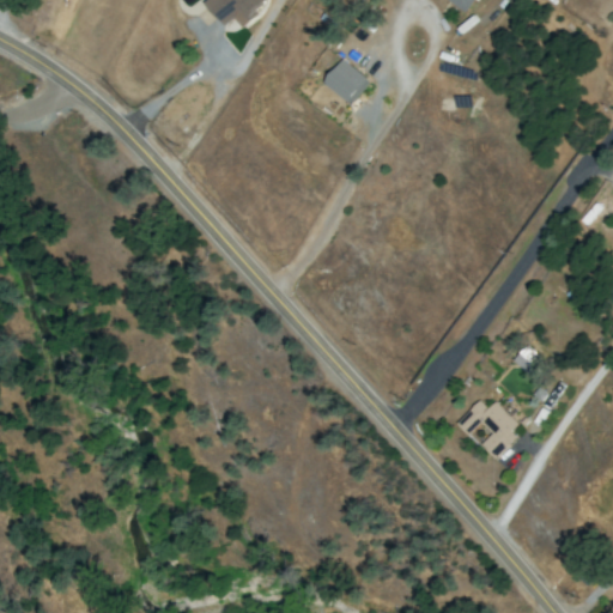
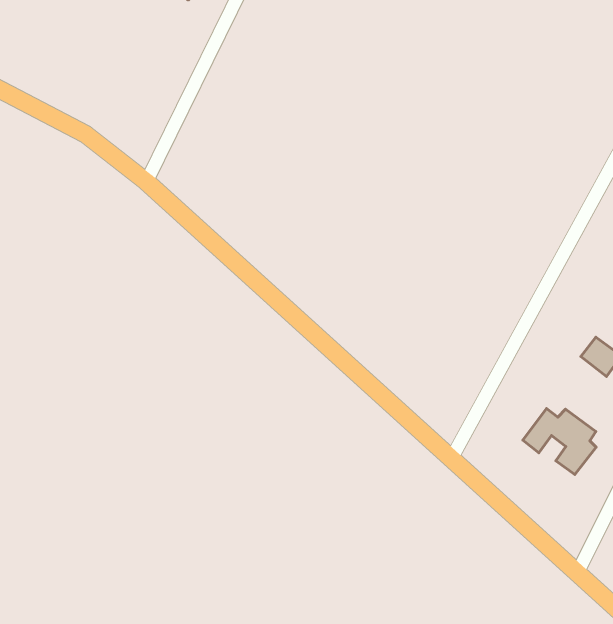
building: [322,56,370,103] -> none

